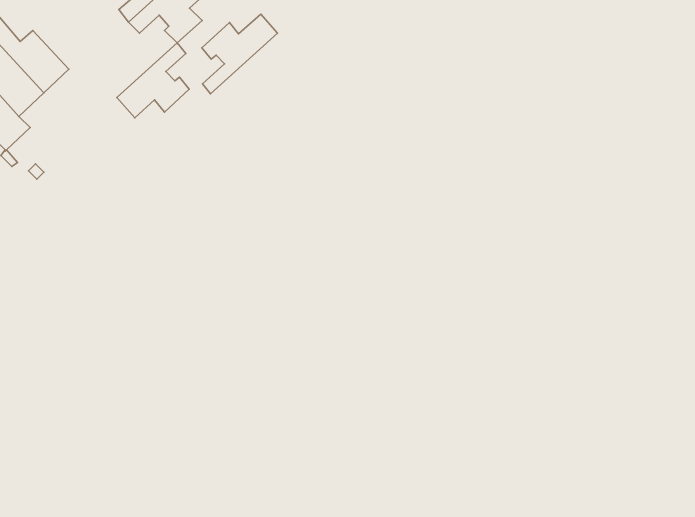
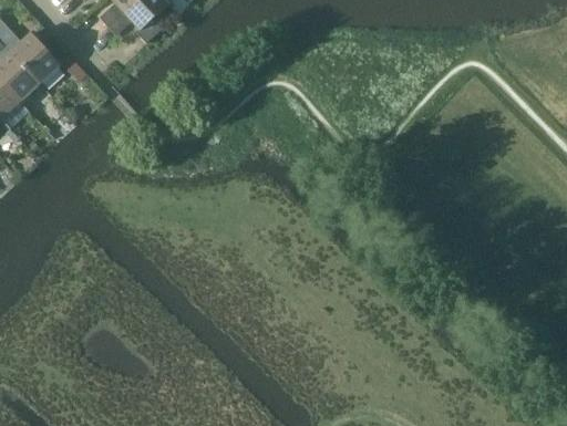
building: [202,14,277,94] -> none
building: [117,43,189,118] -> none

